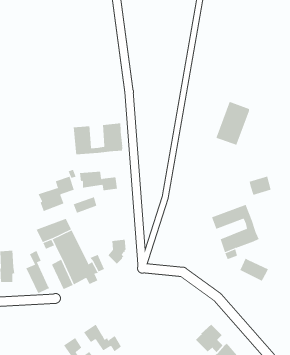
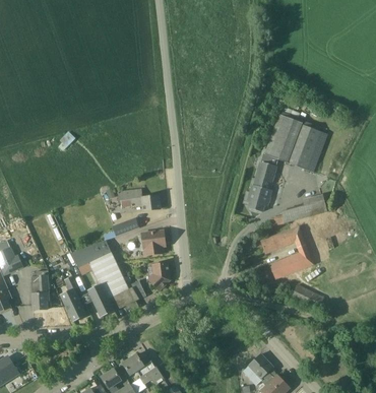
building: none -> [288,125,327,172]
building: [73,122,123,155] -> none
building: none -> [248,152,276,211]
building: [38,176,75,212] -> none
building: none -> [141,231,166,256]

